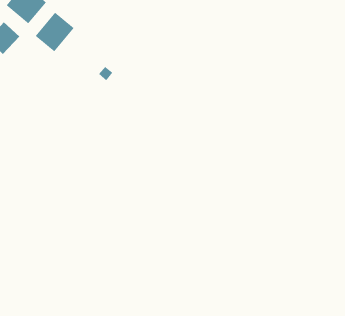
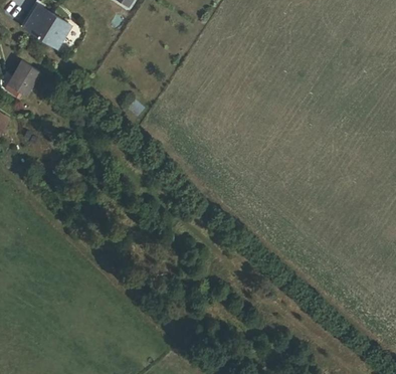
building: [35,12,75,52] -> none

